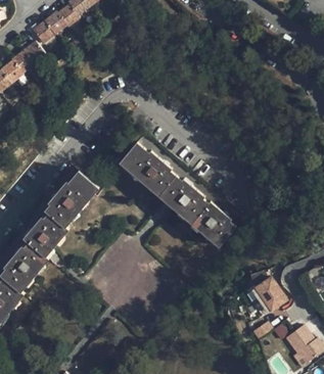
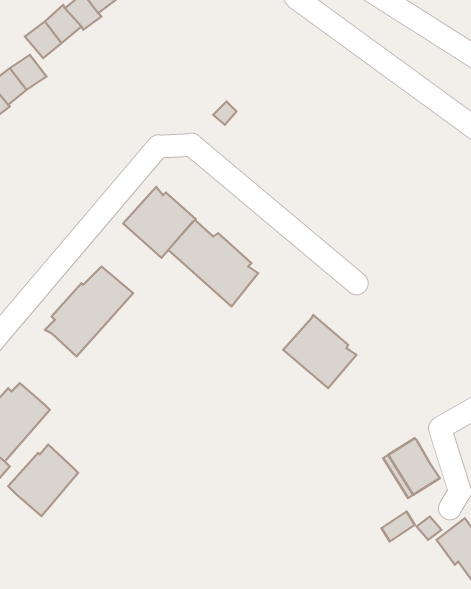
building: none -> [123,187,196,258]
building: [159,175,209,222] -> none
building: [25,212,67,255] -> [8,444,78,516]

